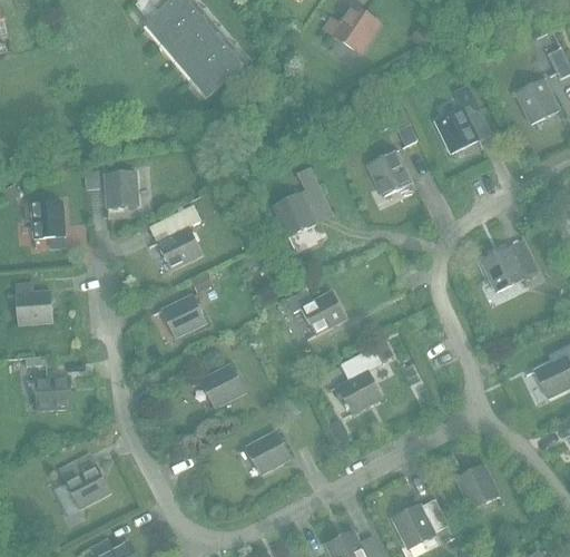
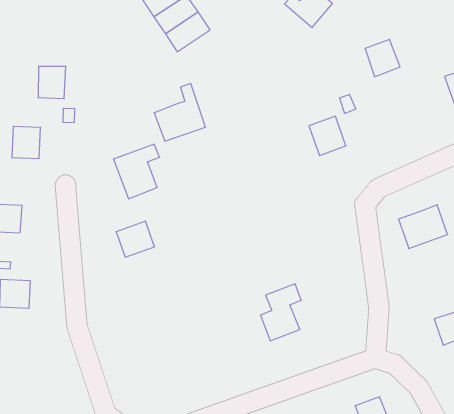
building: [436,108,479,153] -> [365,39,400,77]
building: [273,167,333,236] -> [154,84,205,141]
building: [105,172,138,211] -> [38,66,66,99]
building: [287,291,347,335] -> none
building: [200,363,246,407] -> none
building: [245,430,292,475] -> none
building: [58,452,111,508] -> none

